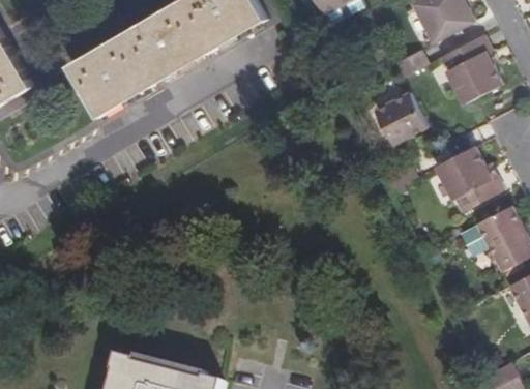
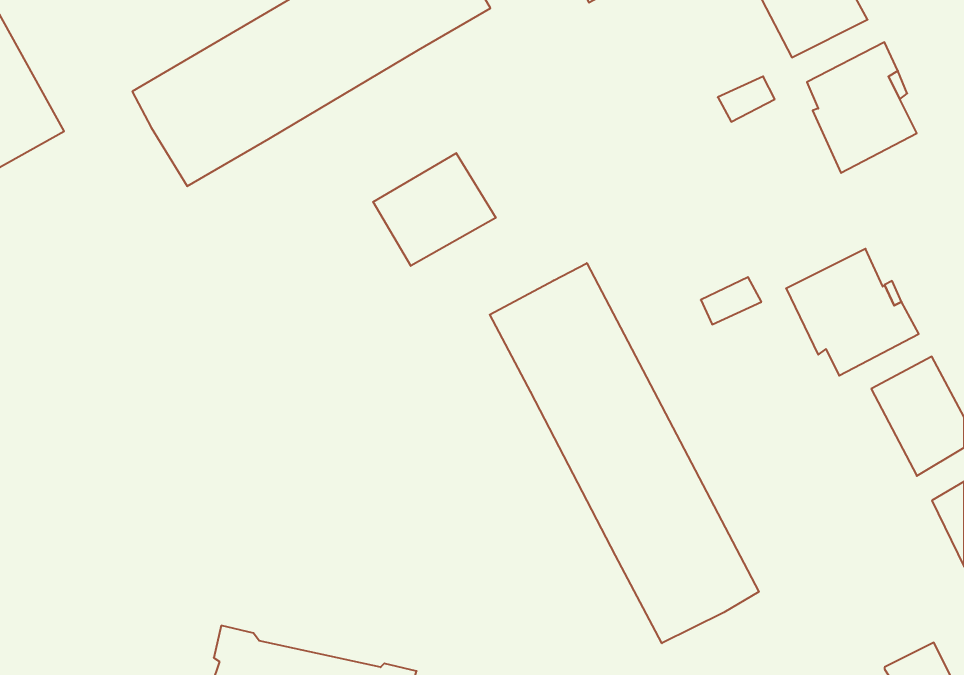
building: [372,94,424,146] -> none
building: none -> [373,153,496,266]
building: none -> [490,263,759,643]

